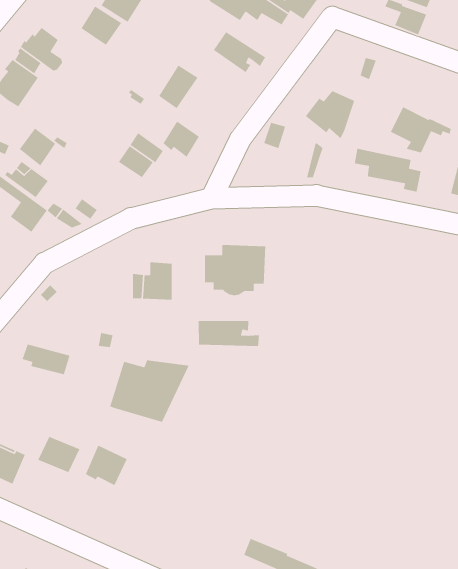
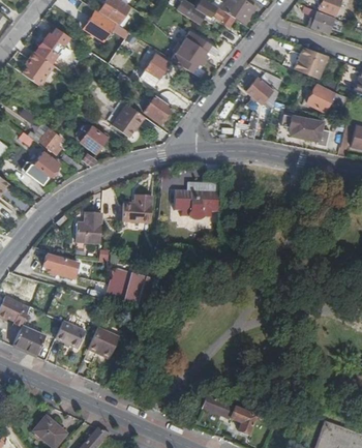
building: none -> [171,43,204,78]
building: none -> [294,47,328,79]
building: [19,128,56,166] -> [81,125,108,153]
building: none -> [76,212,101,243]
building: [198,320,260,347] -> none

